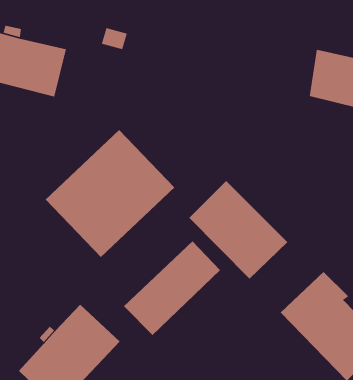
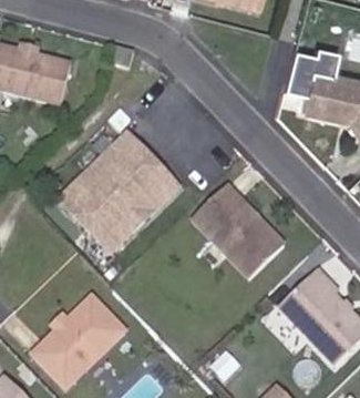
building: [123,240,221,336] -> none

